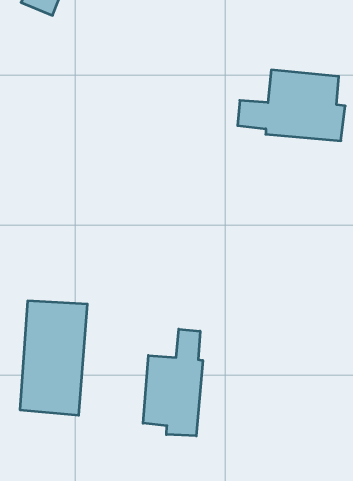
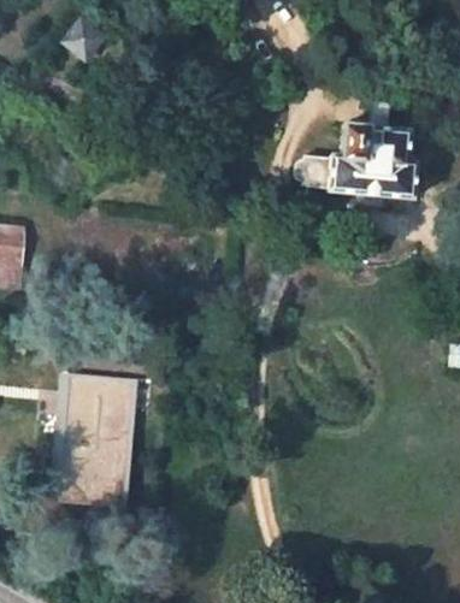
building: [143,329,203,436] -> none

